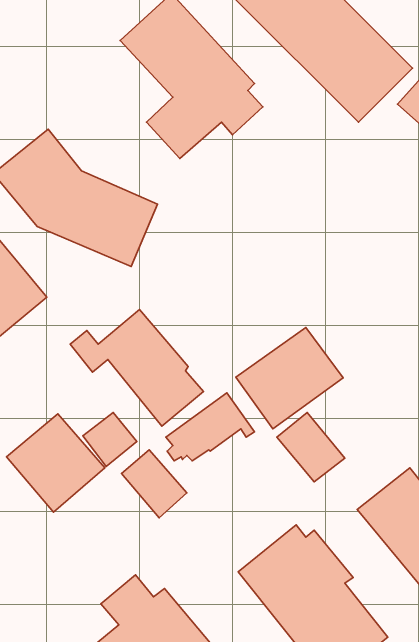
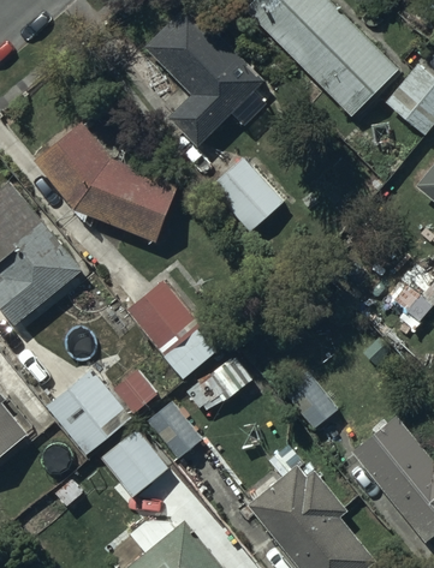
building: none -> [209,156,285,231]
building: [236,327,343,429] -> none
building: none -> [100,426,170,497]

